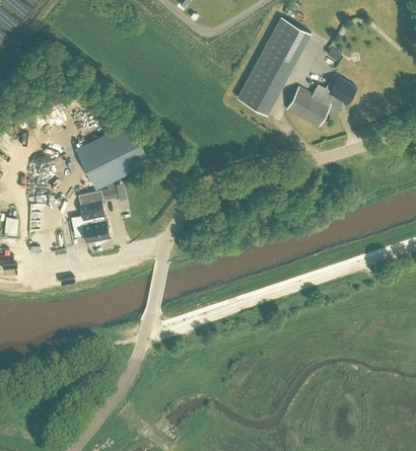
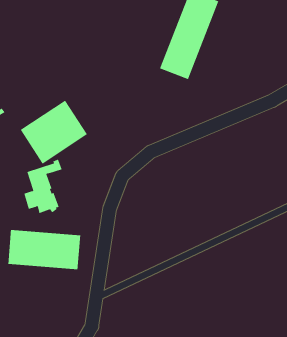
building: [285,78,355,128] -> none
building: none -> [8,229,81,270]

